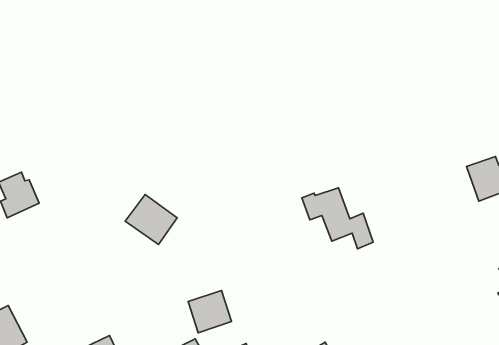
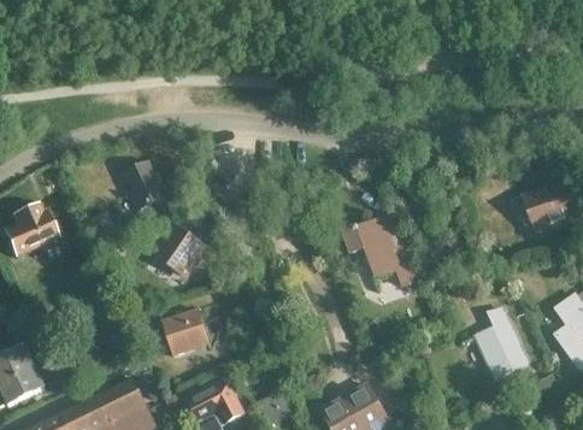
building: none -> [123,161,169,210]
building: none -> [473,308,525,377]
building: [188,290,232,333] -> [161,308,208,354]

